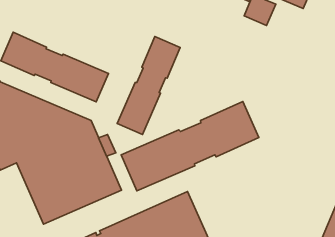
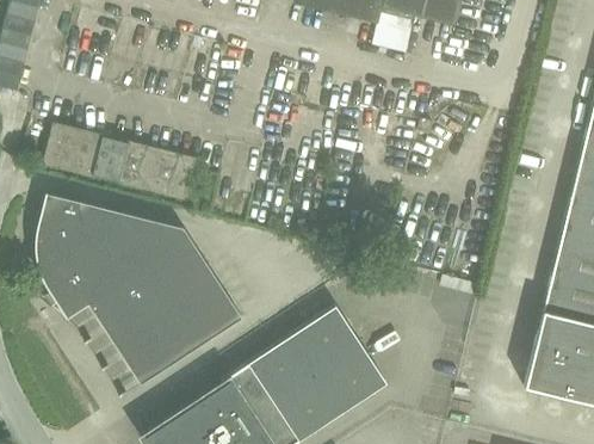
building: [117,37,180,135] -> none
building: [121,102,259,191] -> none

